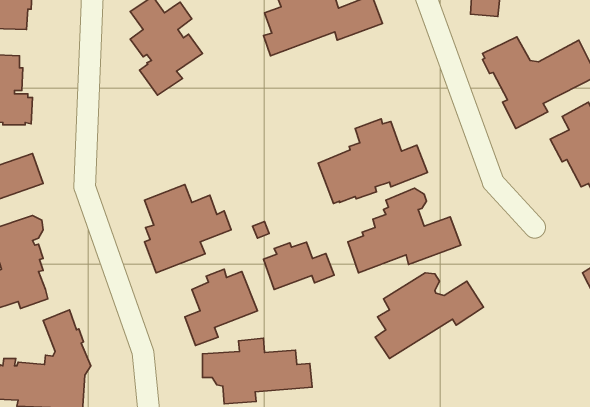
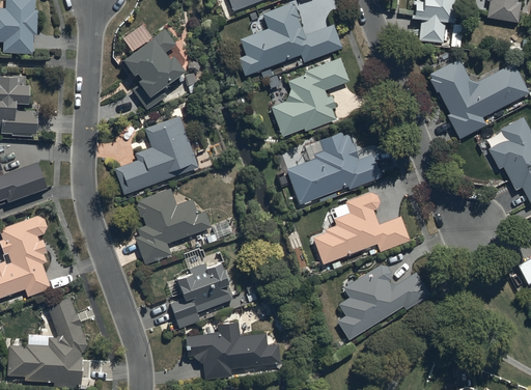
building: none -> [271,57,348,135]
building: none -> [114,114,199,195]
building: [263,242,334,289] -> none

